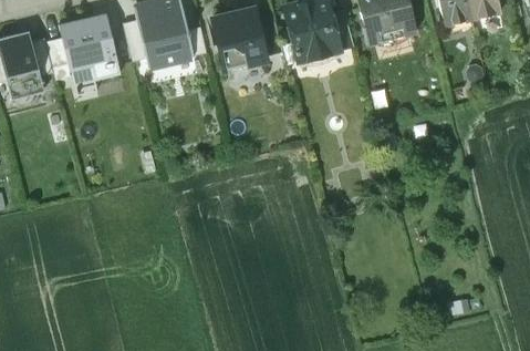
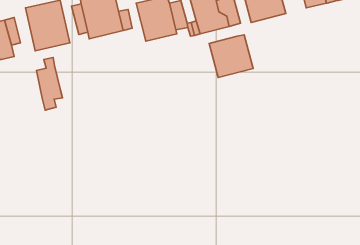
building: none -> [209,35,253,77]
building: none -> [36,57,62,110]

